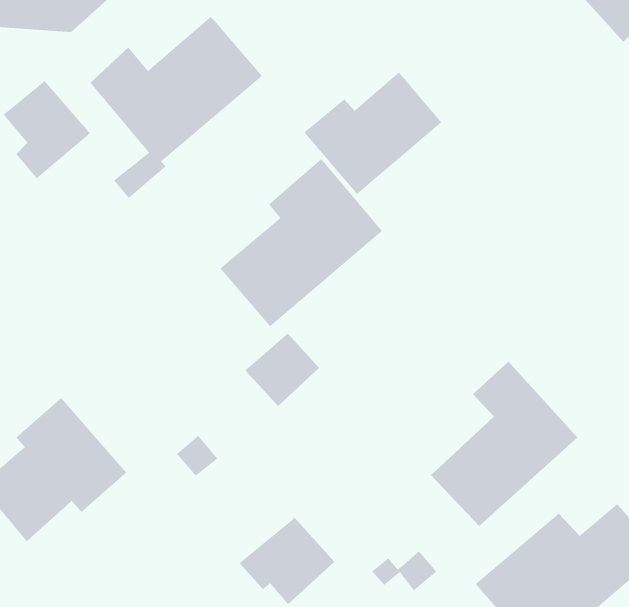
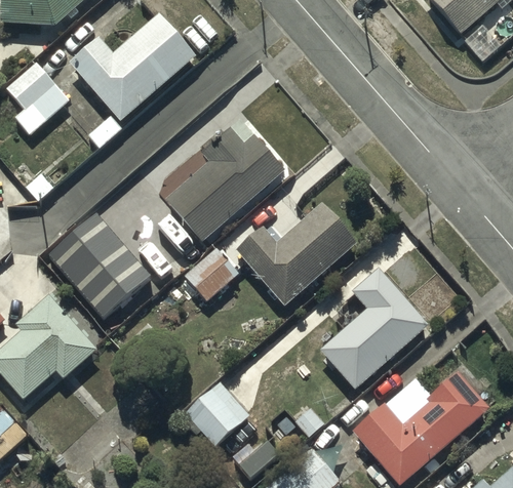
building: [304,71,442,195] -> none
building: none -> [235,202,356,306]
building: none -> [46,211,151,318]

